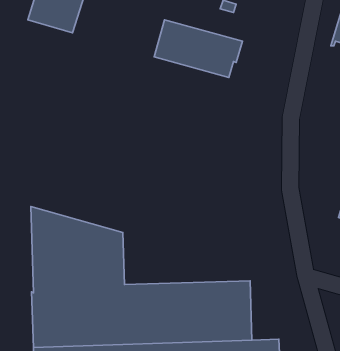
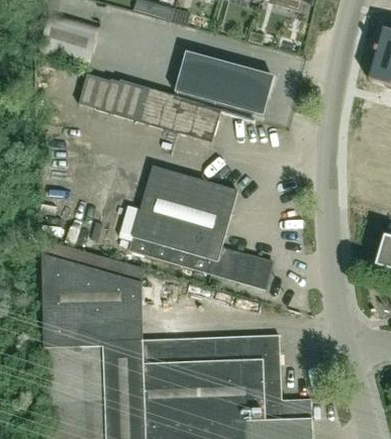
building: none -> [79,70,222,141]
building: none -> [129,166,273,289]

